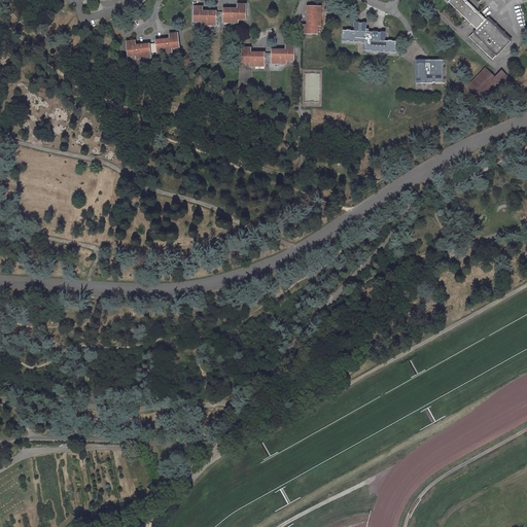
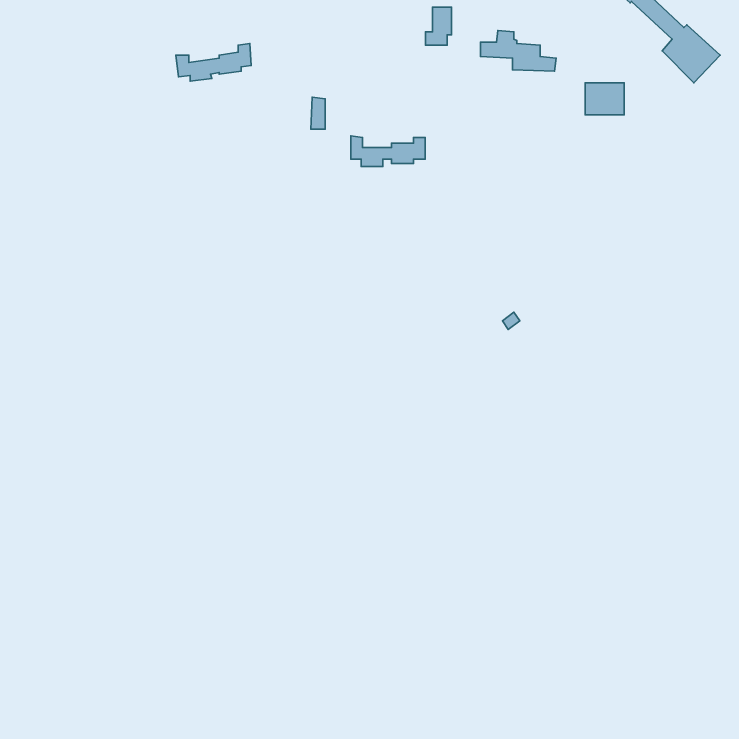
building: [194,4,246,24] -> none
building: [242,44,294,66] -> [351,136,425,166]
building: [468,67,508,94] -> none

